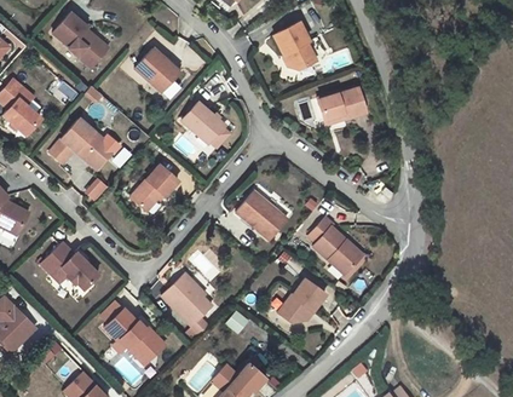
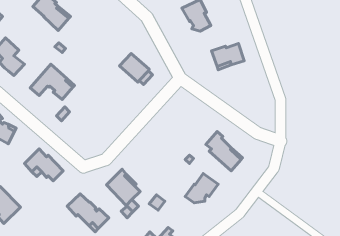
building: [136,48,180,92] -> none
building: [131,165,178,212] -> none
building: [236,191,287,240] -> none

